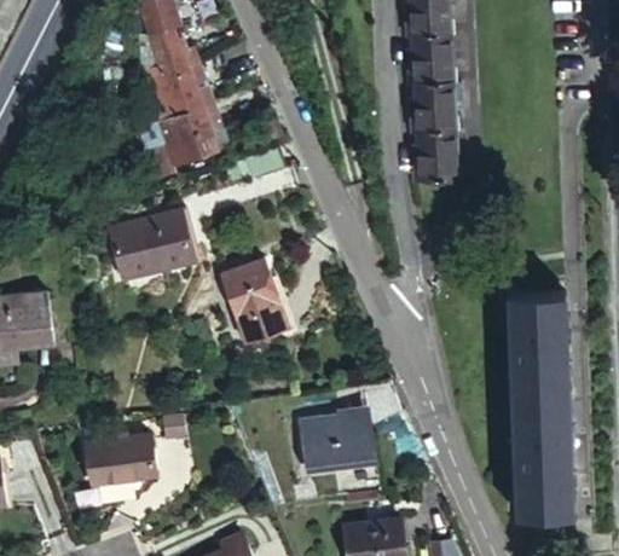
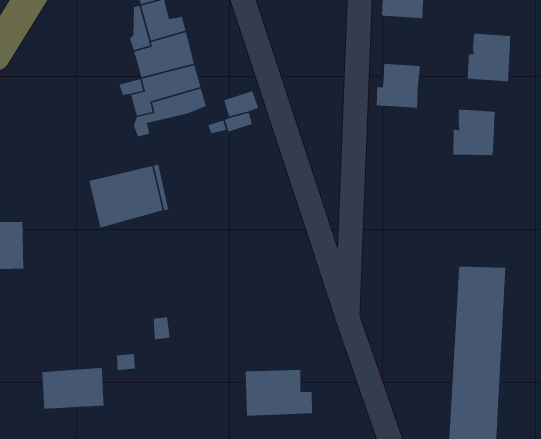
building: [406,33,452,83] -> [467,33,511,82]
building: [410,128,456,179] -> [452,109,496,156]
building: [220,256,289,332] -> none

